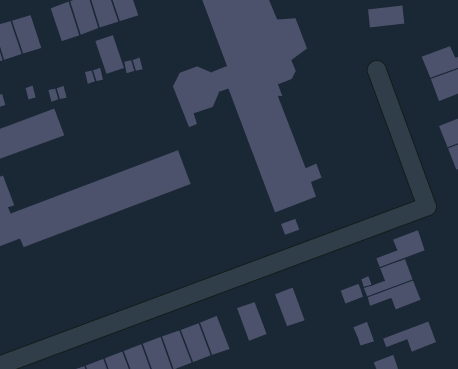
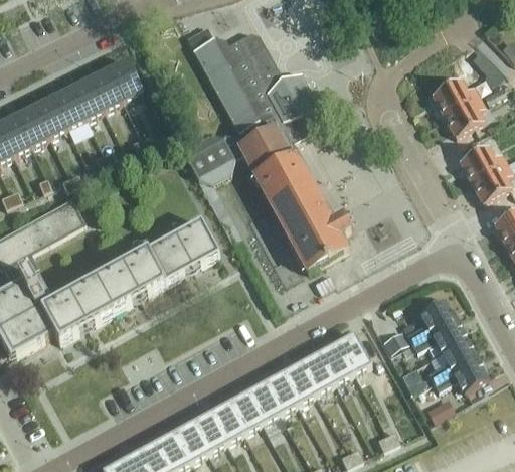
building: [368,5,405,28] -> none
building: [95,34,125,74] -> [33,97,67,138]
building: [375,229,426,268] -> [426,337,476,381]
building: none -> [335,332,371,374]
building: none -> [299,352,334,394]
building: none -> [263,371,298,414]

